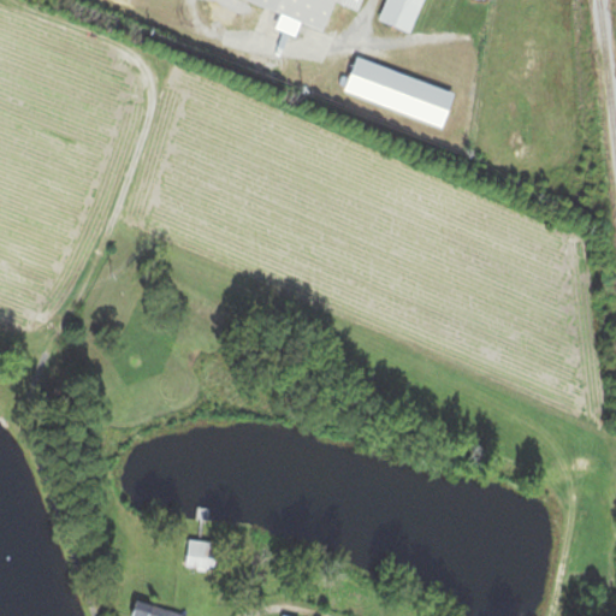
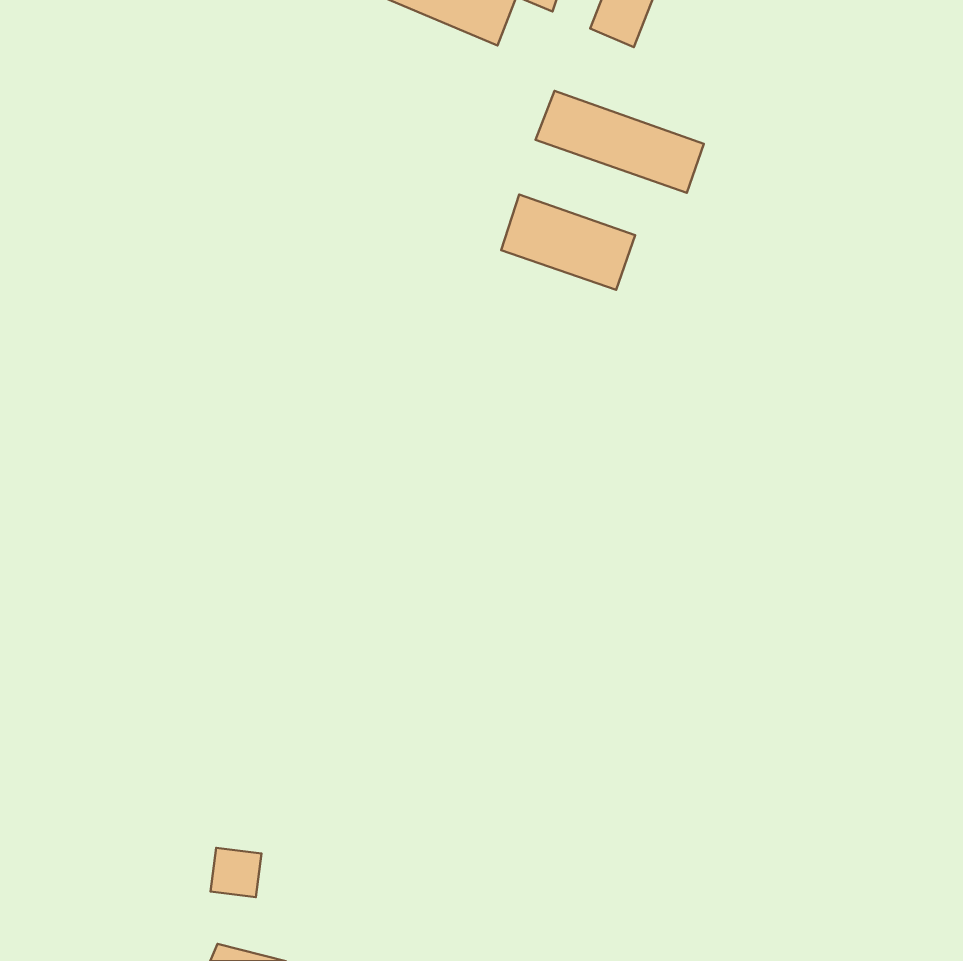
building: none -> [501,195,635,290]
building: [189,539,221,570] -> [210,848,261,897]

